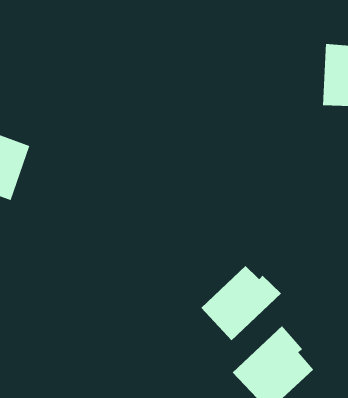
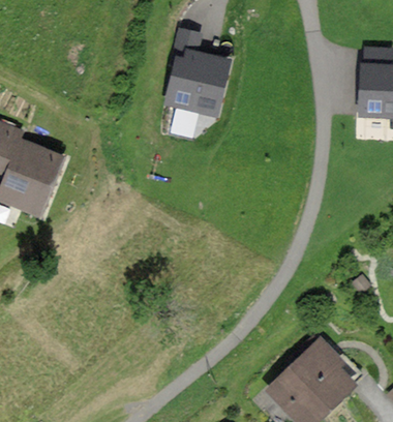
building: none -> [168,31,228,113]
building: [200,265,282,341] -> none

